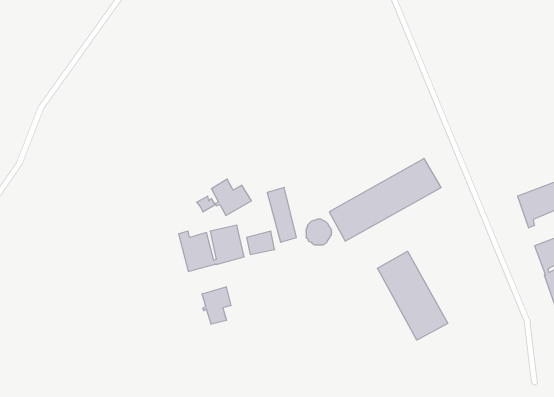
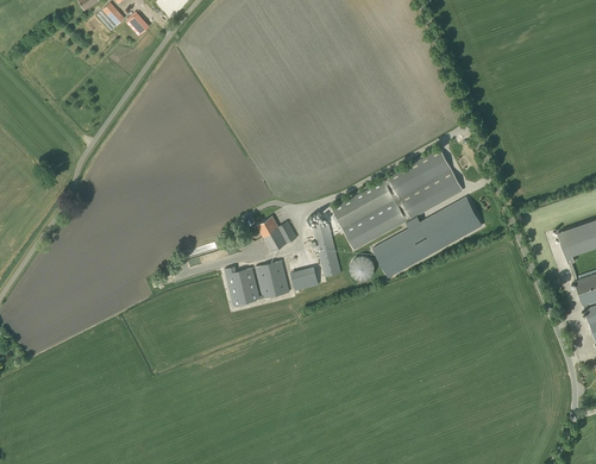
building: none -> [332,148,462,249]
building: [377,251,448,340] -> none
building: [202,287,231,324] -> none

